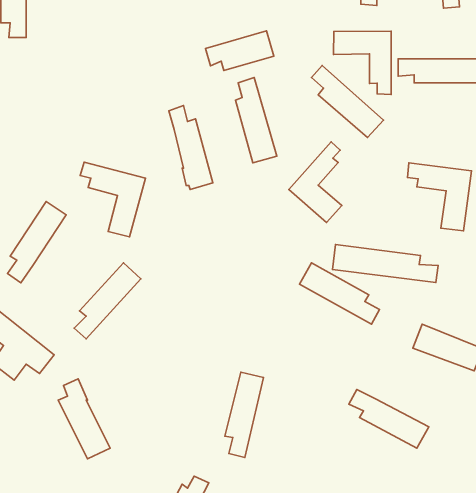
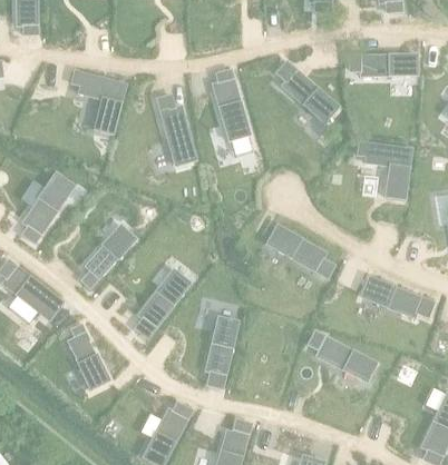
building: [206,31,274,71] -> none
building: [334,31,391,94] -> none
building: [289,142,342,223] -> none
building: [80,162,145,237] -> [70,71,125,133]
building: [332,245,438,283] -> none
building: none -> [136,270,189,337]

